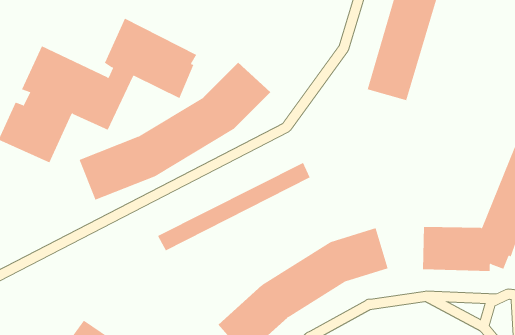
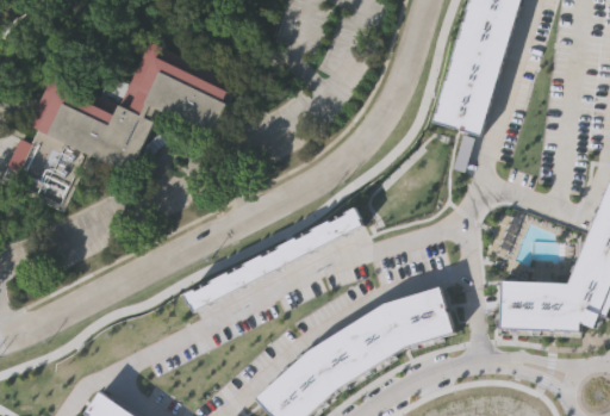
building: [79,62,271,201] -> none

